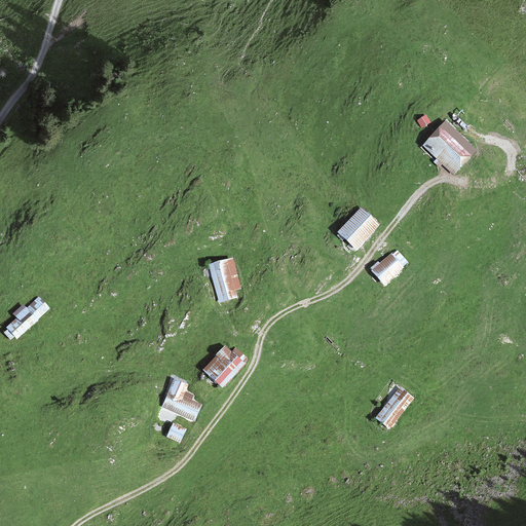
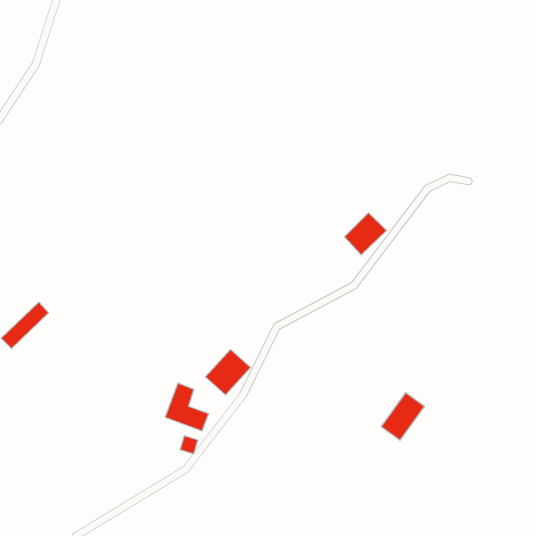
building: [425,121,479,174] -> none
building: [372,253,403,284] -> none
building: [205,258,238,301] -> none

